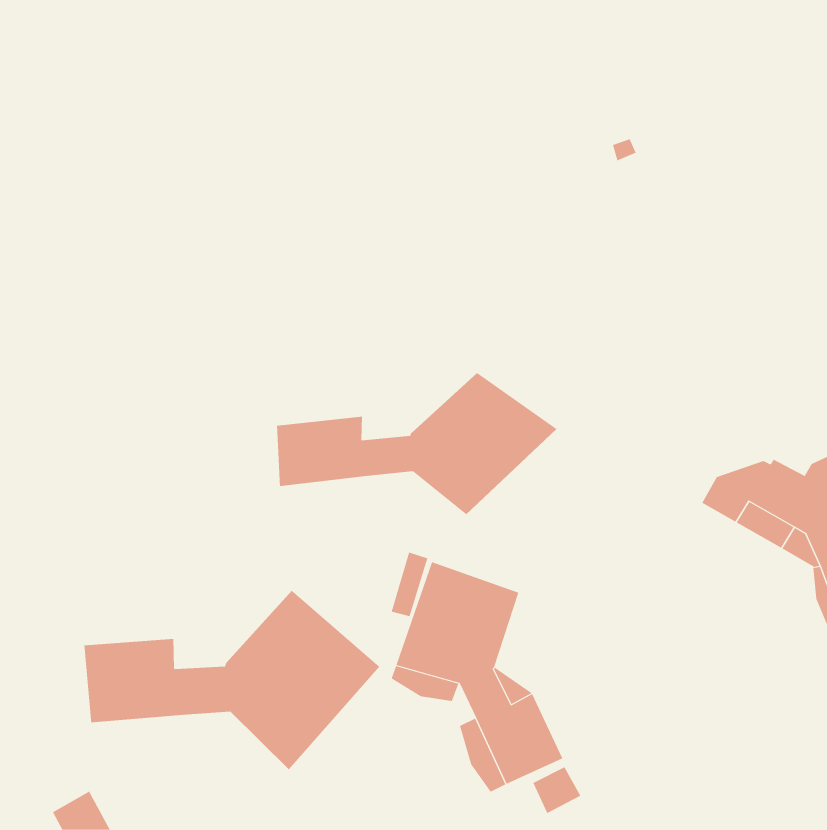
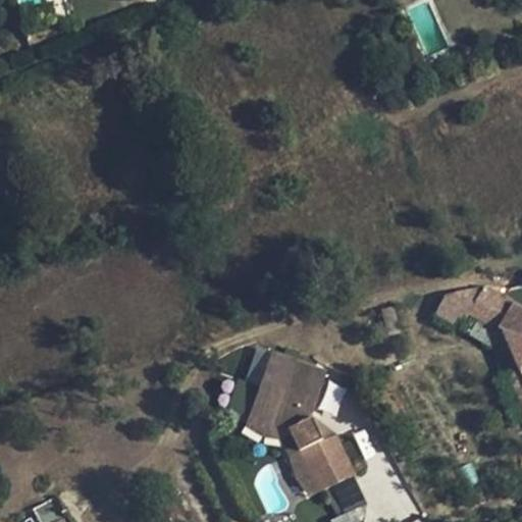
building: [277,372,558,515] -> none
building: [84,590,380,770] -> none

